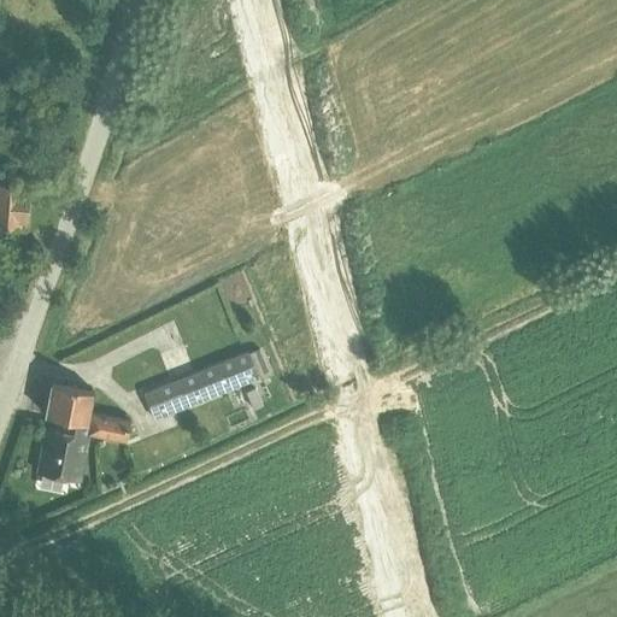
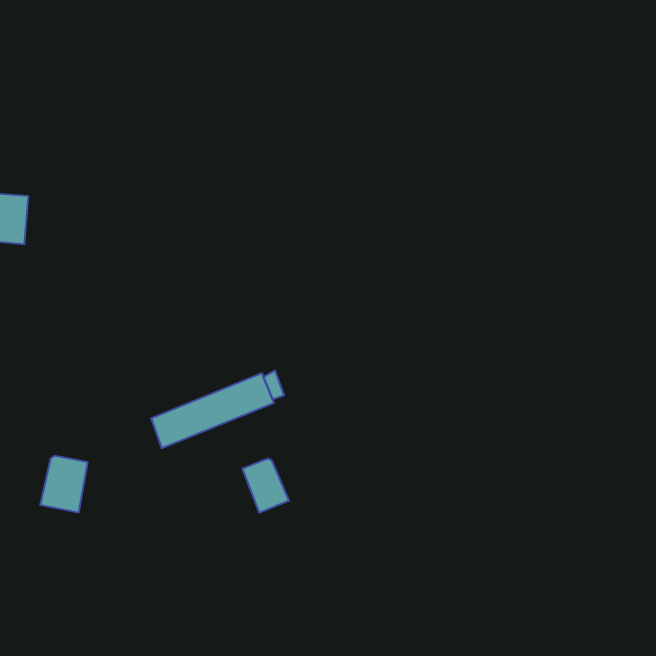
building: [43,384,128,443] -> none
building: none -> [242,458,289,513]

